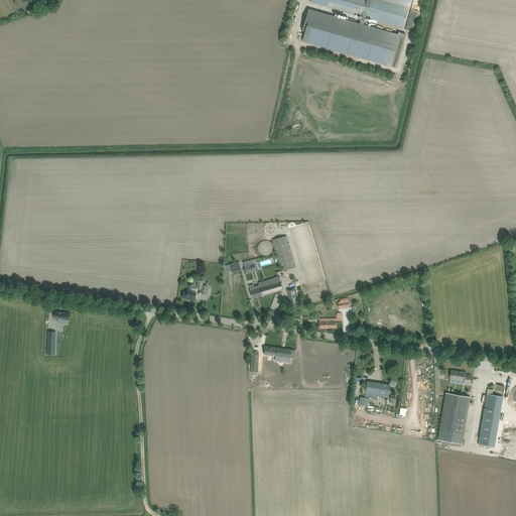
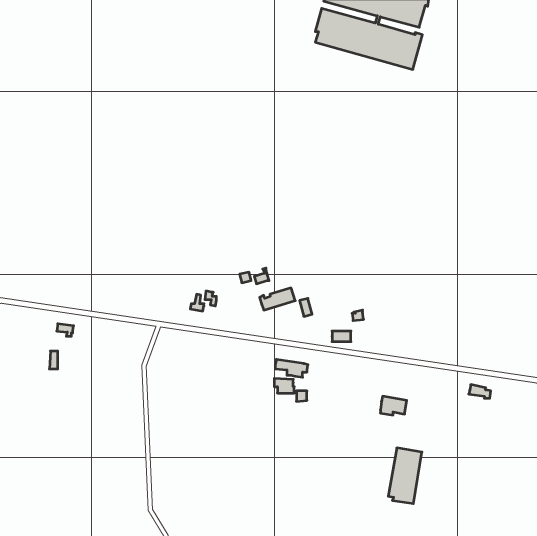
building: [272,235,295,270] -> none
building: [437,392,470,445] -> [388,448,422,504]
building: [478,393,503,446] -> none

